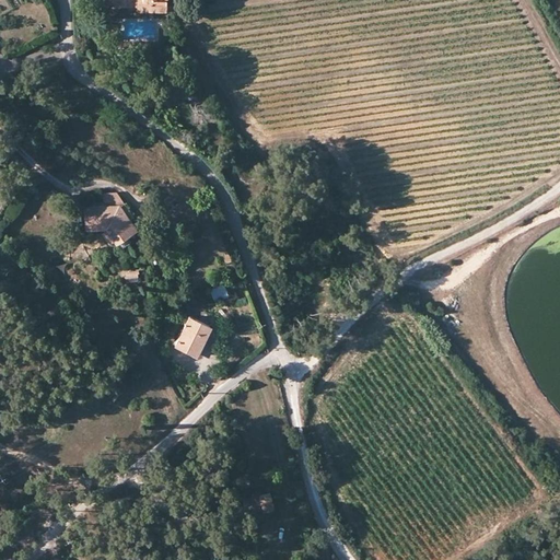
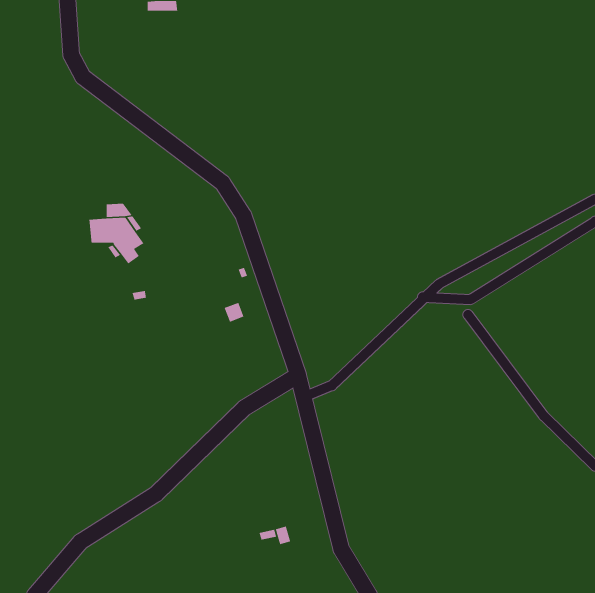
building: [174,317,209,357] -> none

